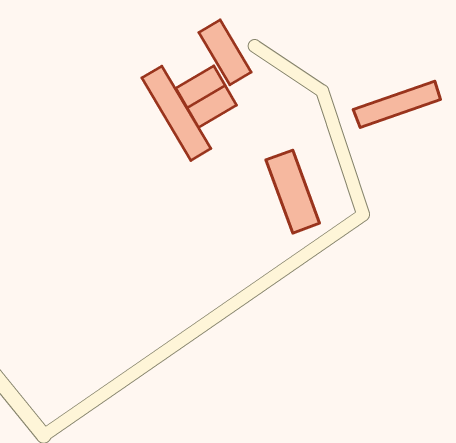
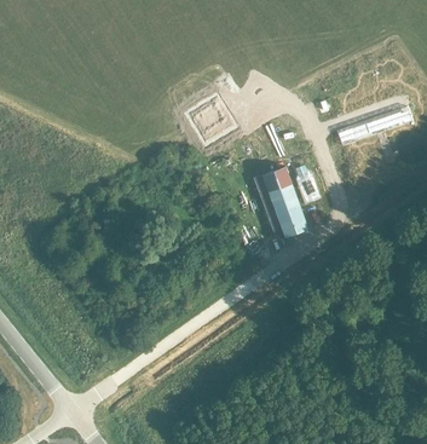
building: [199,20,251,85] -> none
building: [142,66,211,160] -> none

